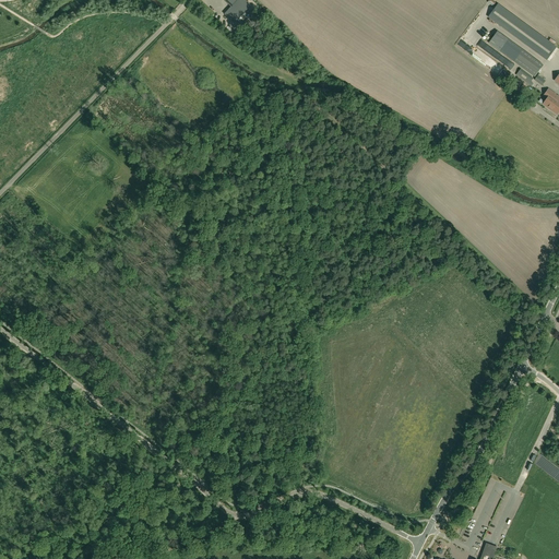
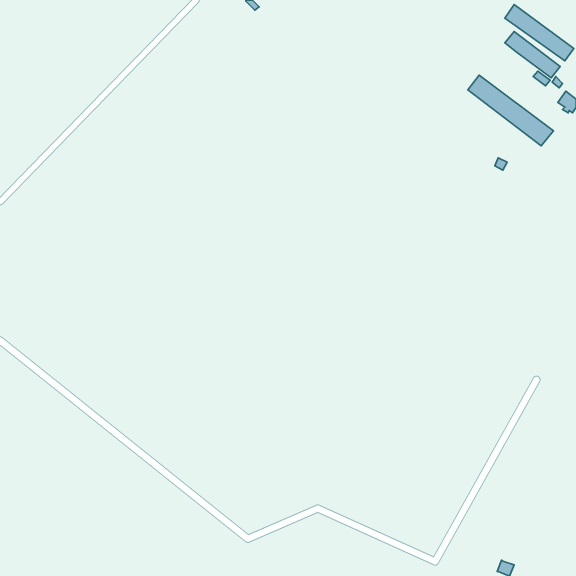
building: none -> [468,75,553,146]

